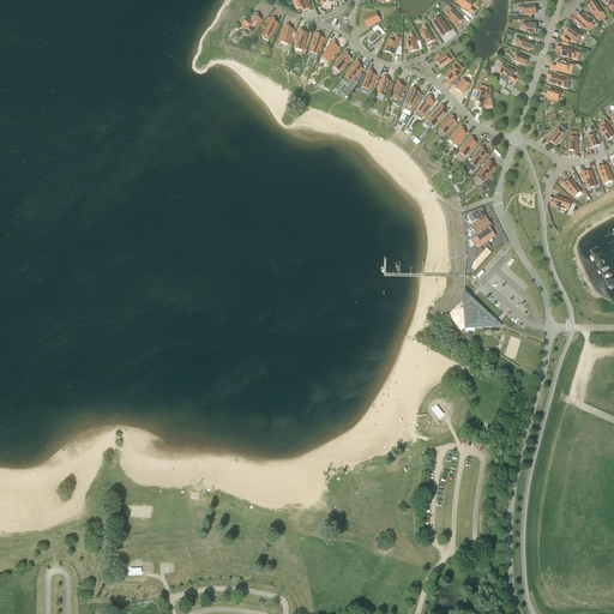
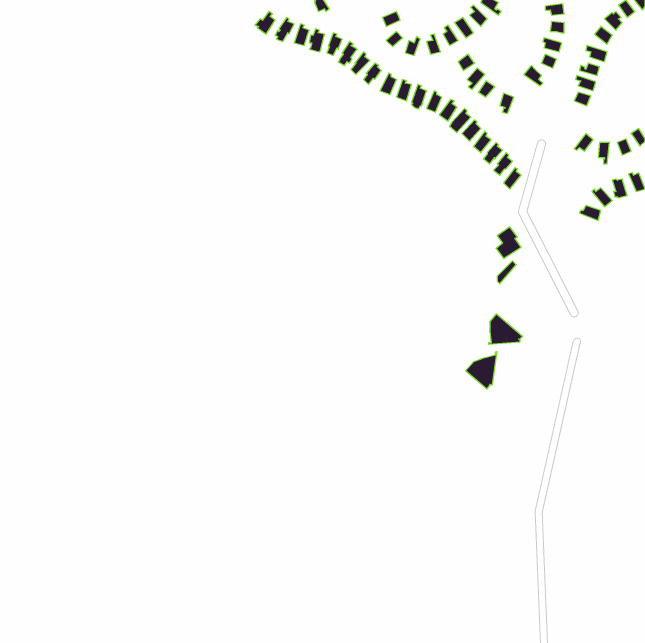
building: none -> [466,352,497,389]

